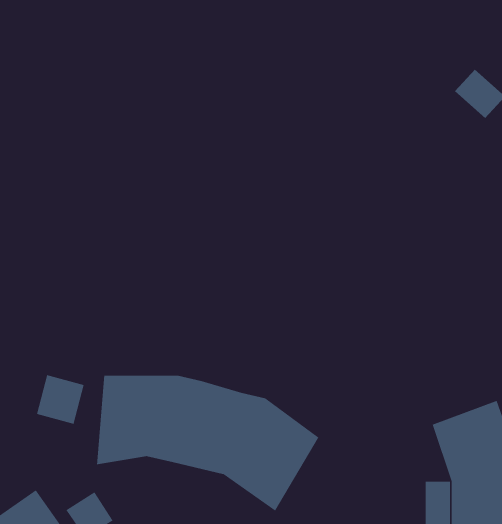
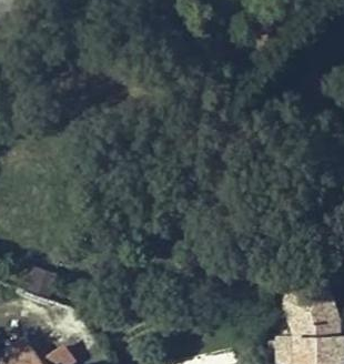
building: [97,375,319,512] -> none

